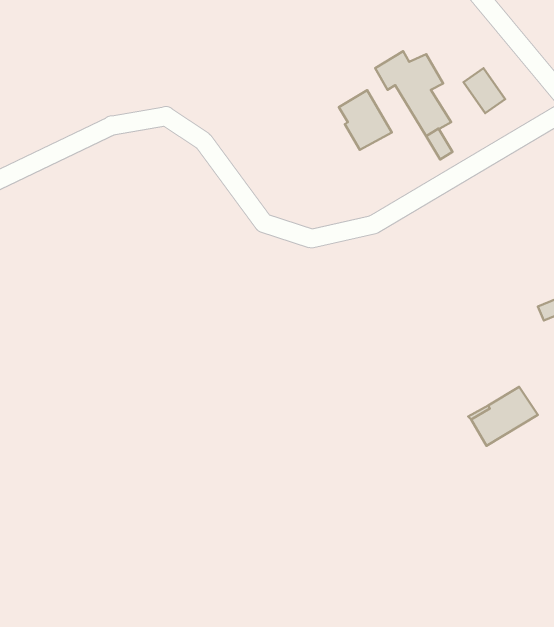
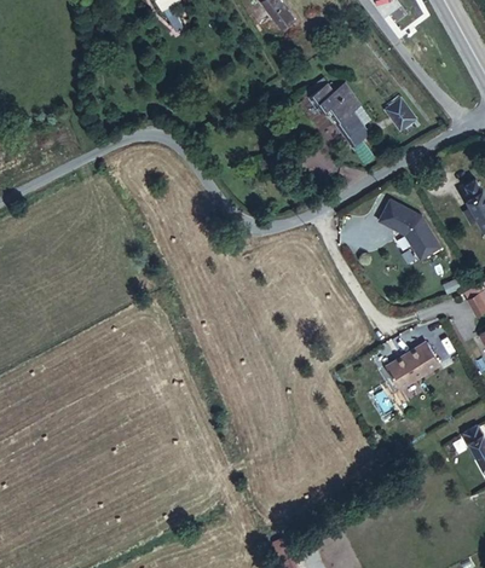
building: [339,90,392,150] -> none
building: none -> [379,199,440,261]

